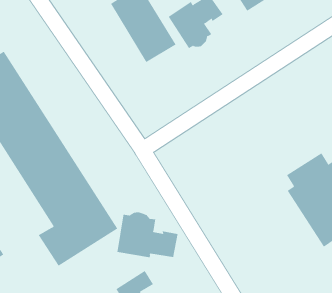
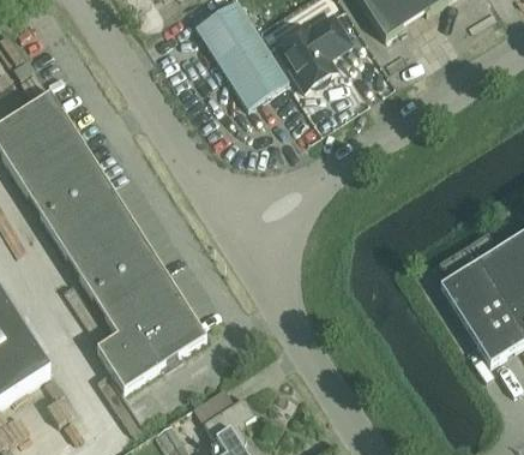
building: [117,211,178,258] -> none

